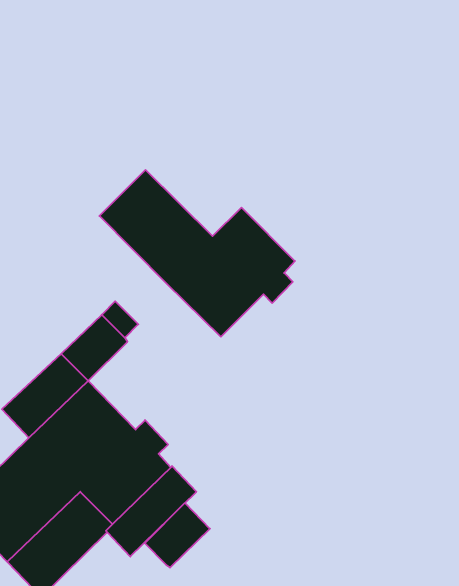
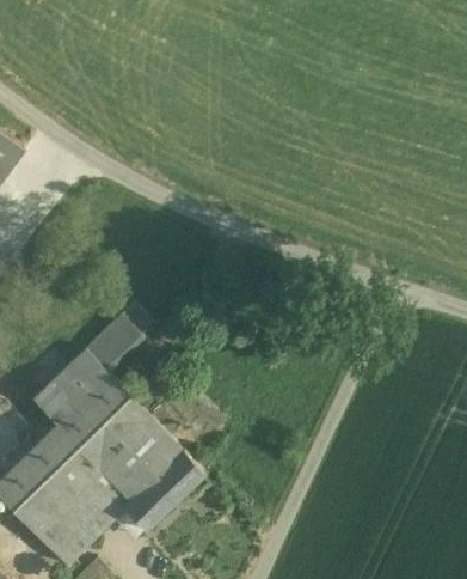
building: [99,170,295,337] -> none
building: [145,503,210,568] -> none

